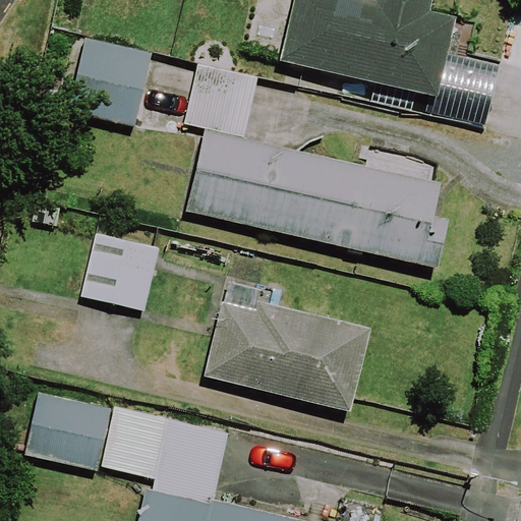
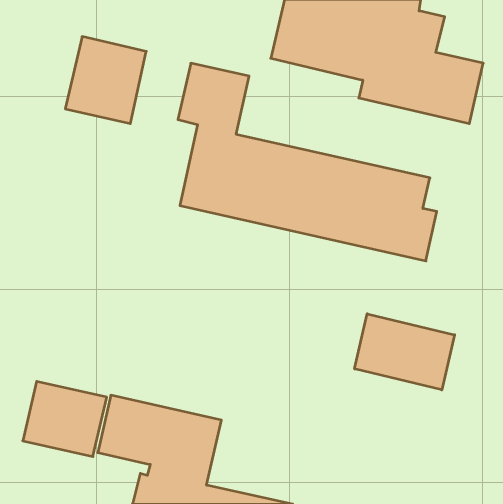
building: [80,233,159,311] -> none
building: [204,300,371,412] -> none
building: none -> [355,314,455,390]

